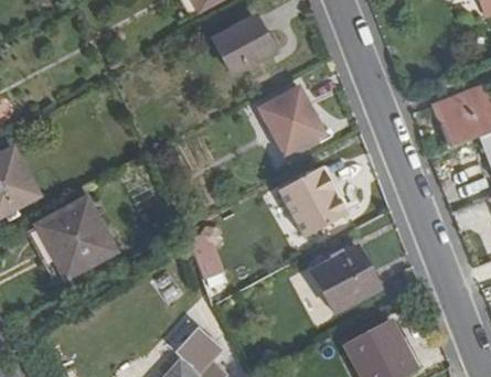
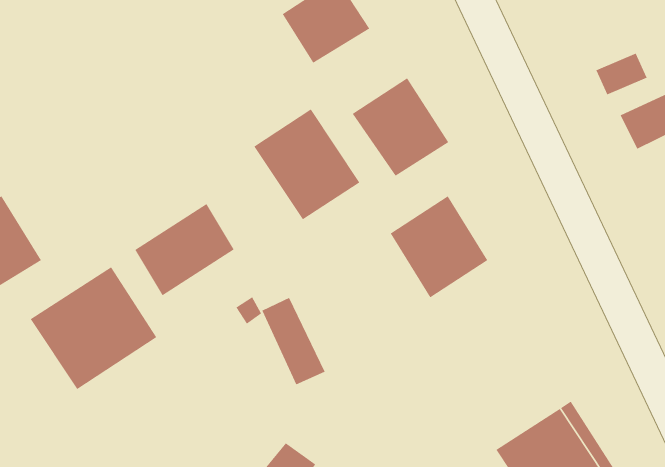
building: none -> [254,109,360,220]
building: none -> [135,203,235,296]
building: [317,246,381,309] -> none

